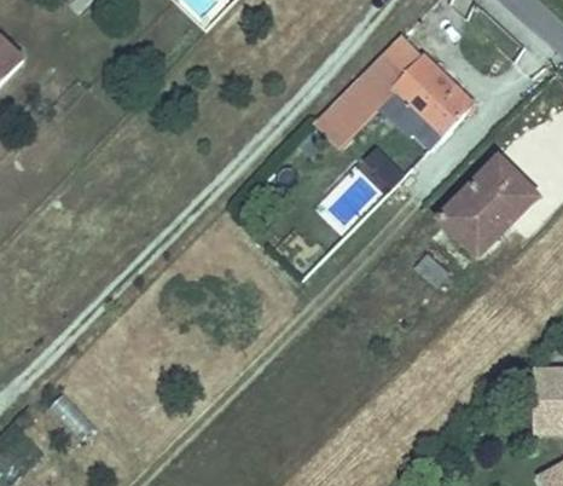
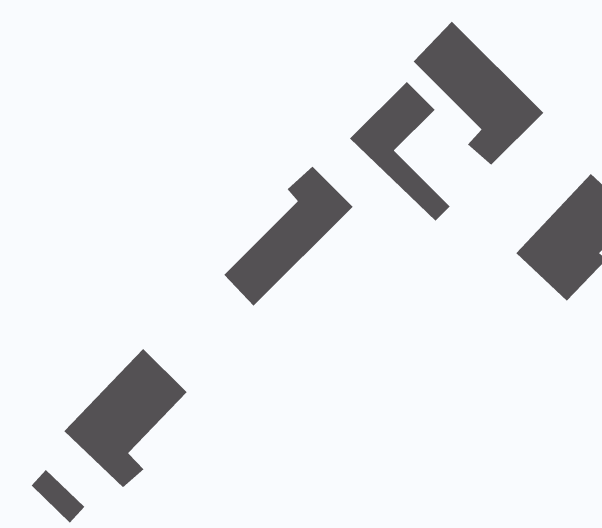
building: none -> [223,166,353,307]
building: none -> [64,348,188,488]

